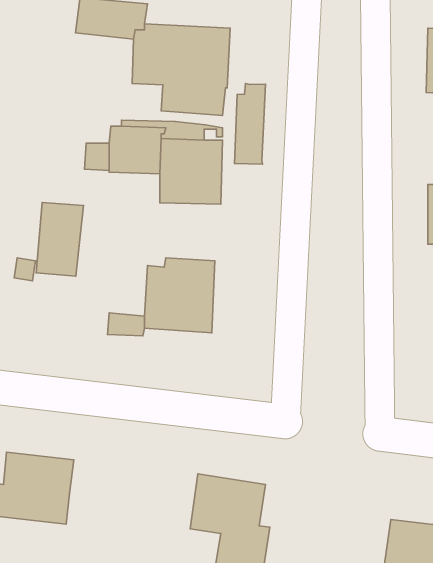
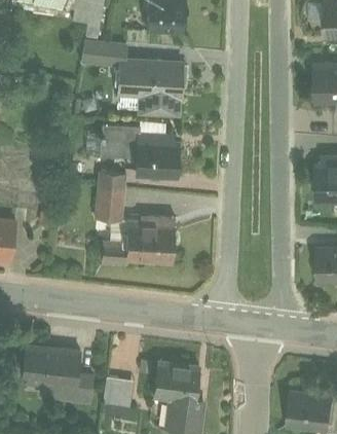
building: [234,84,265,164] -> none
building: [36,203,84,276] -> [92,173,124,222]
building: none -> [71,372,91,406]
building: none -> [101,379,134,410]

